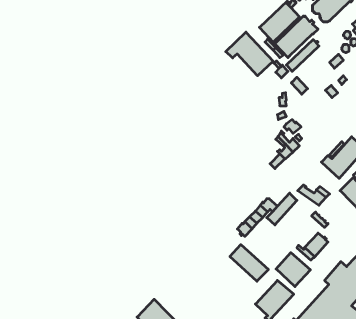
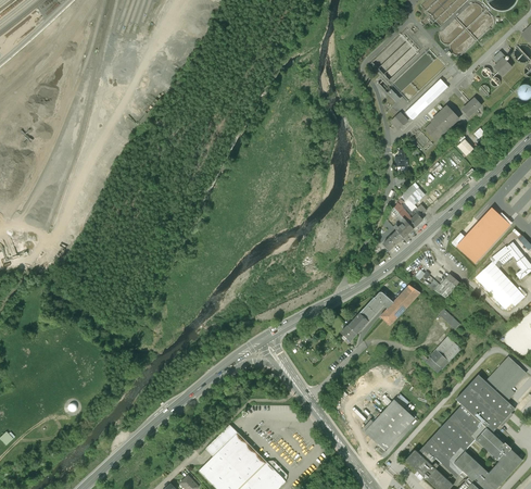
building: [226,32,273,76] -> none
building: none -> [426,108,458,140]
building: [230,245,268,281] -> none
building: [276,253,310,287] -> none

